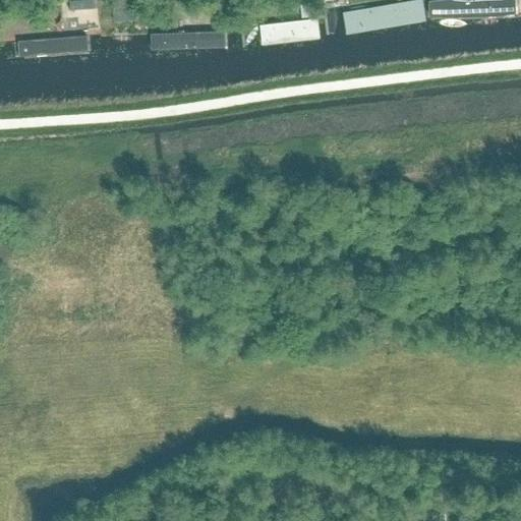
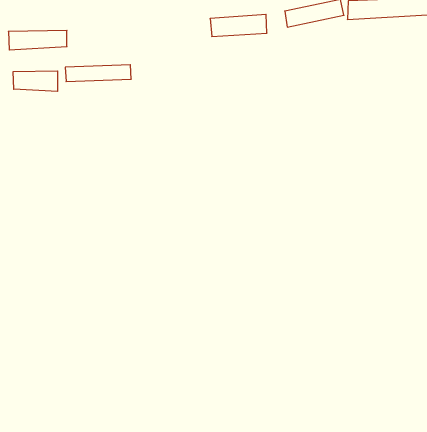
building: [144,31,224,51] -> [65,65,131,82]
building: none -> [13,71,58,91]

